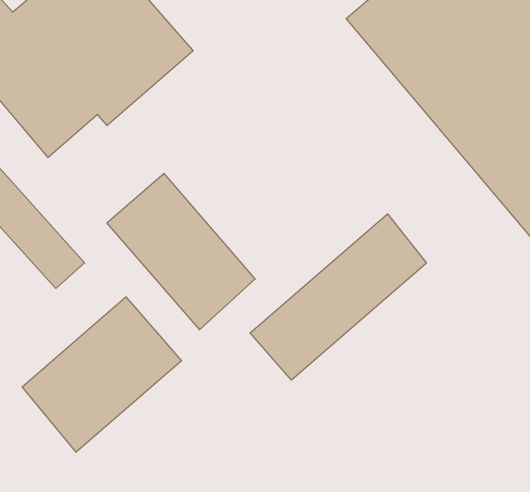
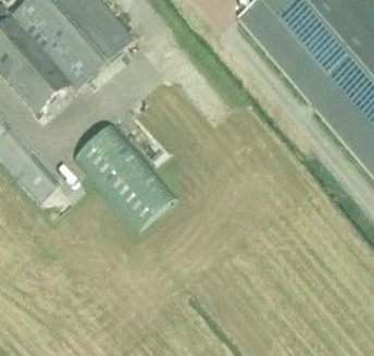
building: [250,214,426,380] -> none
building: [22,297,181,452] -> none

